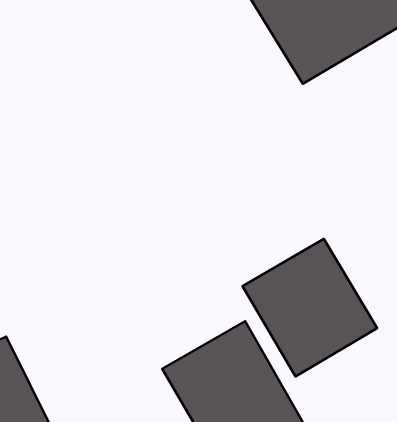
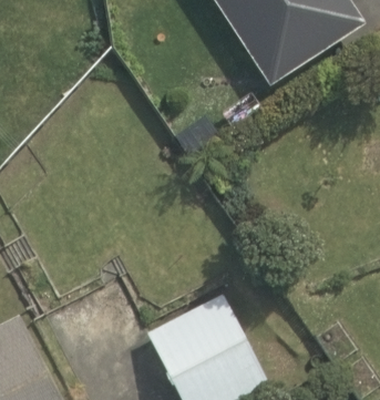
building: [243,239,377,377] -> none

